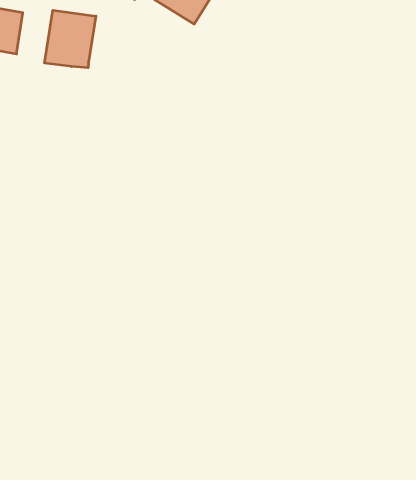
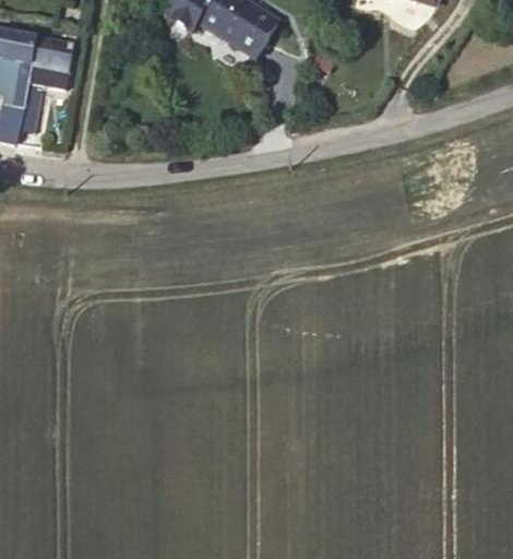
building: [45,10,96,68] -> none

